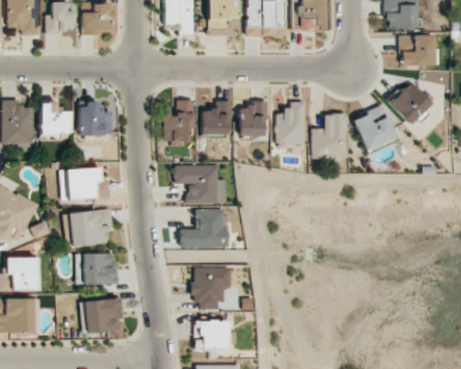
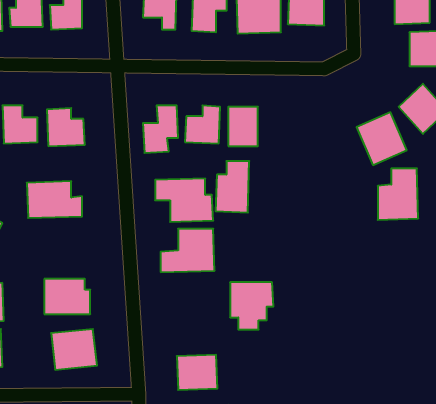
building: [276,102,306,147] -> [216,161,249,213]
building: [312,113,348,159] -> [378,168,418,220]
building: [70,210,111,245] -> none
building: [192,267,230,309] -> [230,282,273,330]

